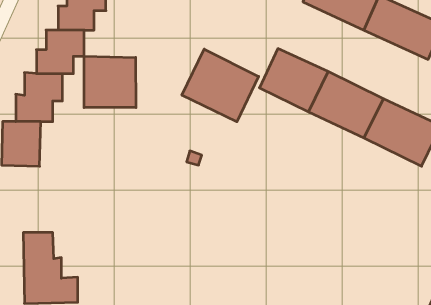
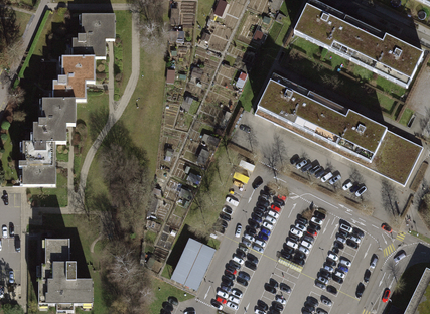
building: [182,49,259,122] -> none
building: [84,56,136,108] -> none
building: none -> [171,237,217,289]

